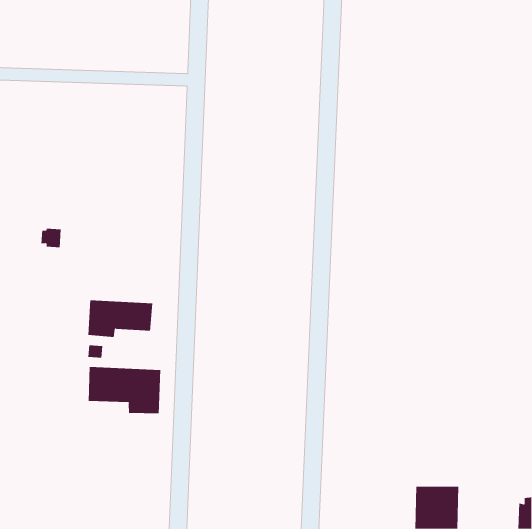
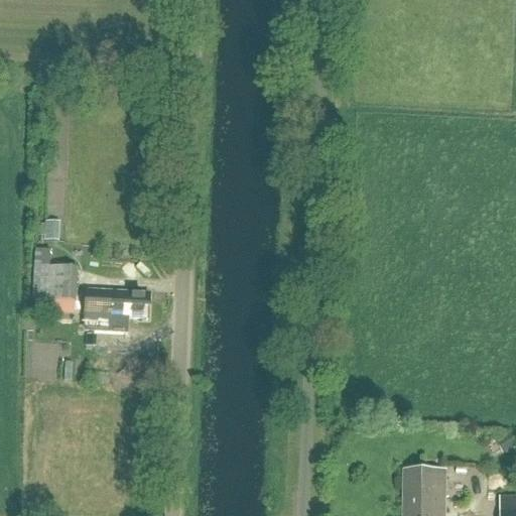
building: none -> [32,248,77,301]
building: [88,366,161,414] -> none

